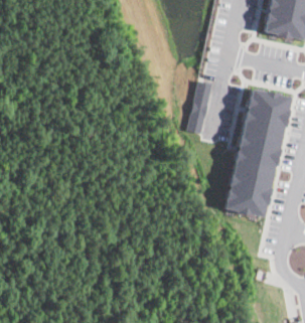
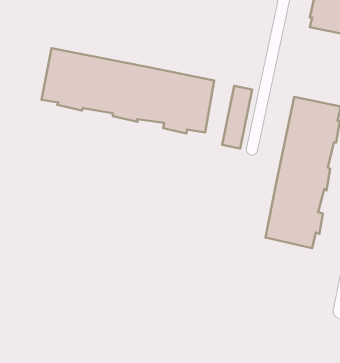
building: none -> [41,48,214,134]

